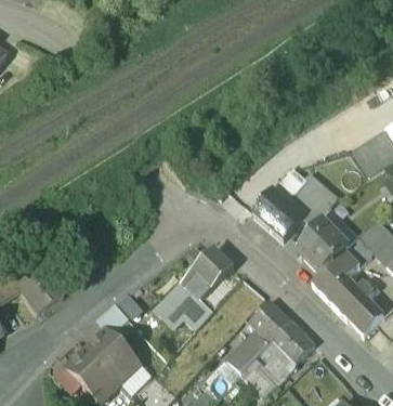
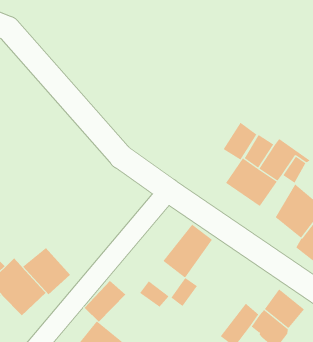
building: none -> [223,122,257,161]
building: none -> [22,247,71,295]
building: [165,278,200,315] -> none
building: [249,300,291,343] -> none

